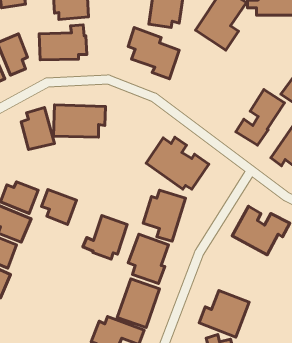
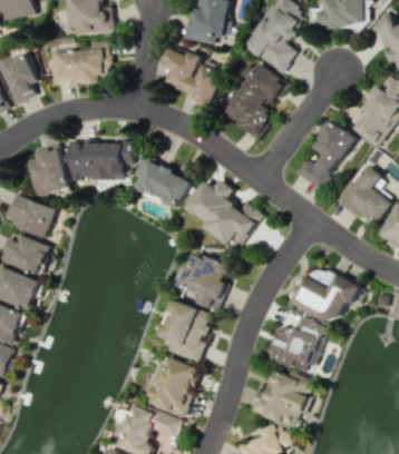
building: none -> [217,62,288,135]
building: none -> [134,160,191,211]
building: [41,189,77,224] -> [11,195,55,238]
building: [83,215,127,259] -> none
building: none -> [265,314,328,372]

